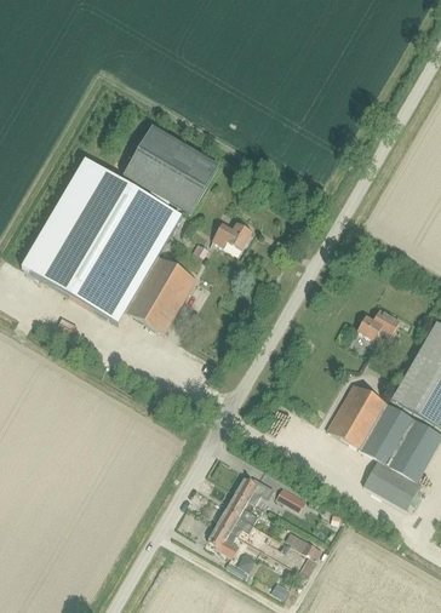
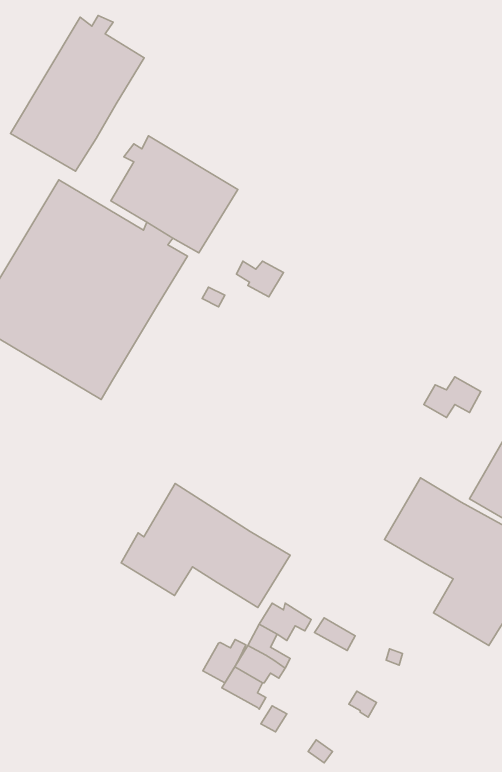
building: none -> [10,16,144,171]
building: [125,256,195,333] -> none
building: none -> [121,483,290,607]
building: none -> [203,640,246,683]

